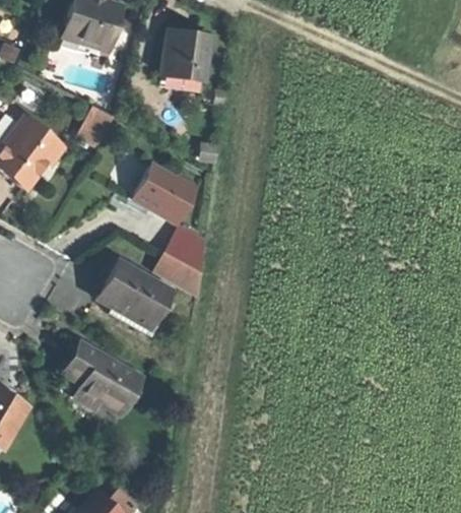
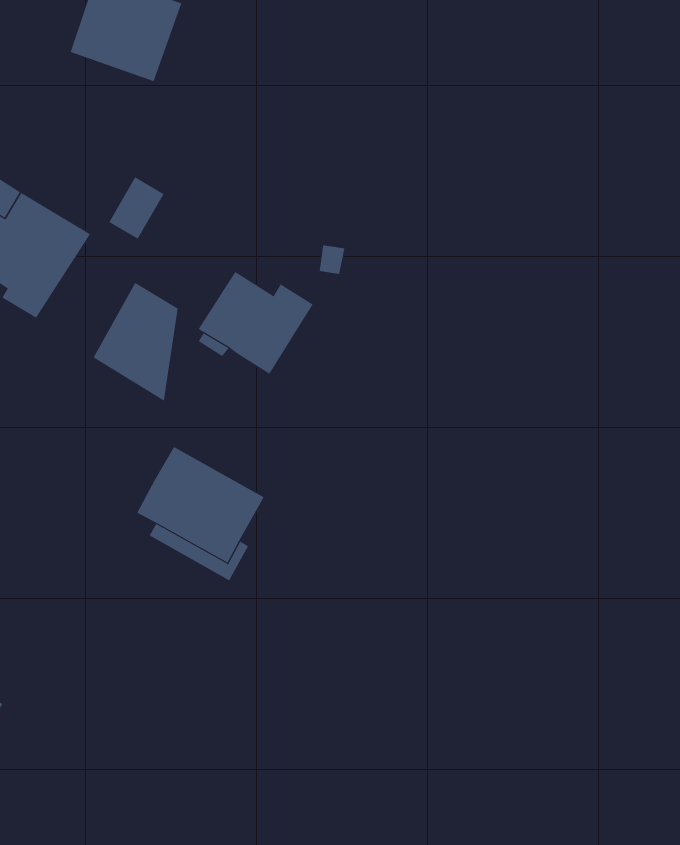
building: [161,29,212,81] -> none
building: [157,226,207,295] -> [93,282,179,401]
building: [61,346,139,416] -> none

